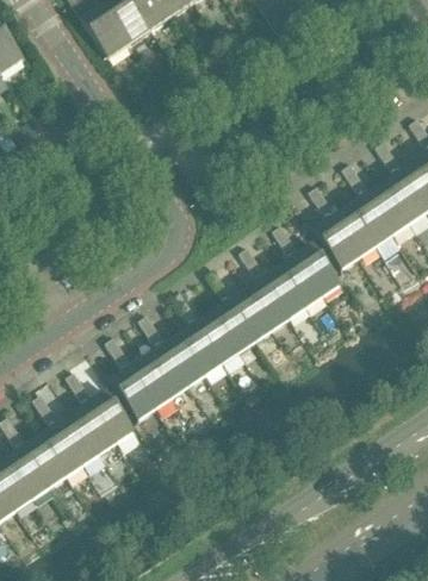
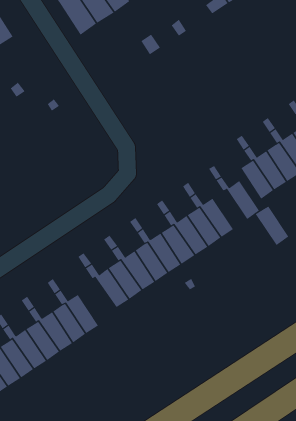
building: [280,257,324,308] -> [255,206,289,246]
building: [112,370,156,421] -> none

